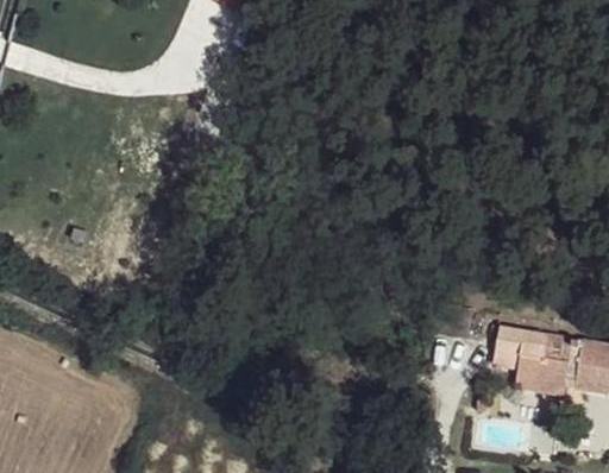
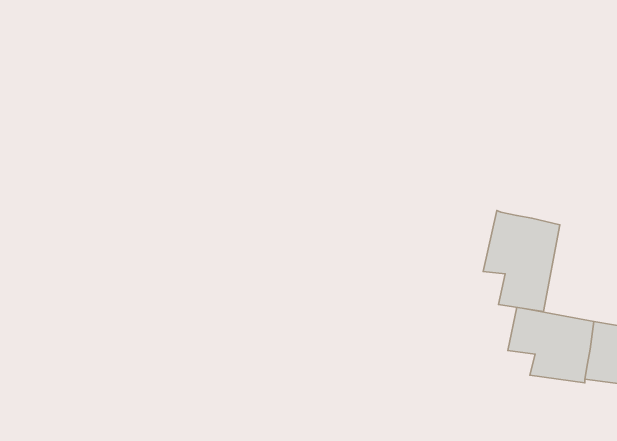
building: none -> [483,211,560,312]

